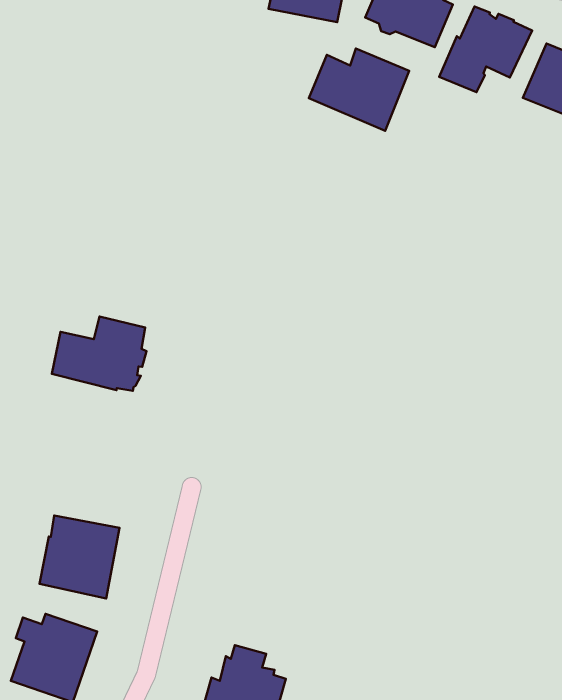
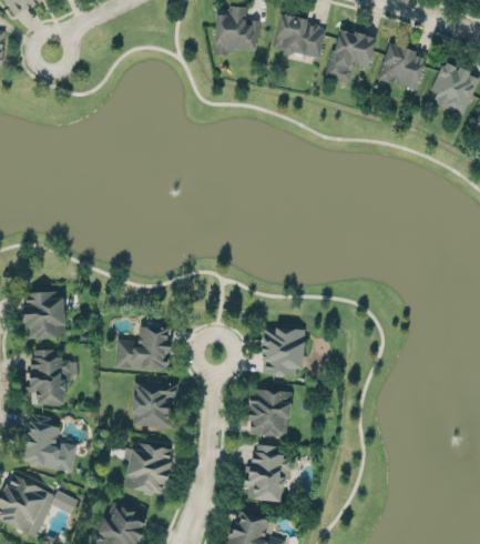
building: [309,49,409,131] -> none
building: [52,316,147,391] -> [115,326,171,370]
building: none -> [261,328,305,375]
building: none -> [248,389,293,436]

